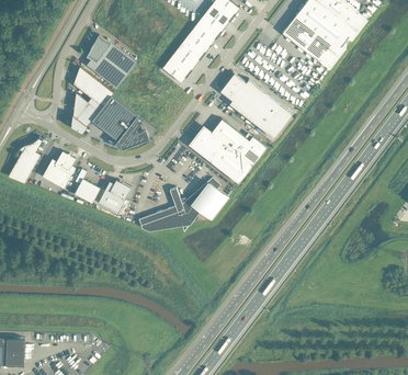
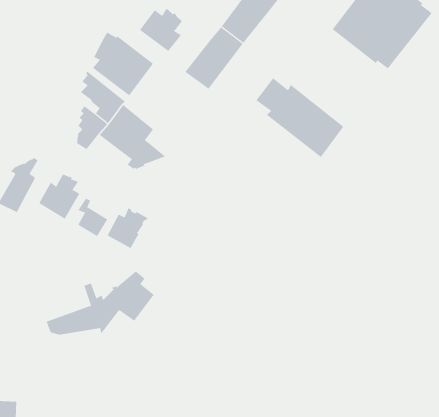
building: none -> [139,8,183,52]
building: [192,118,265,183] -> none
building: [138,178,227,230] -> [46,271,154,335]

